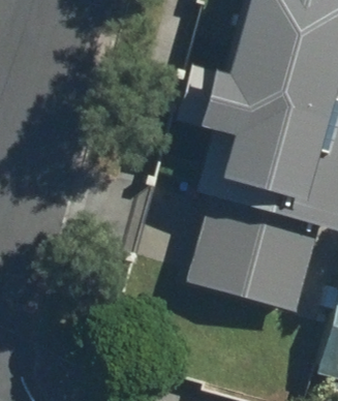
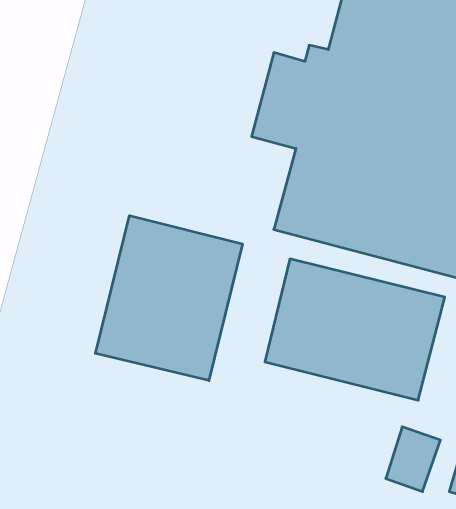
building: none -> [95,216,242,381]

